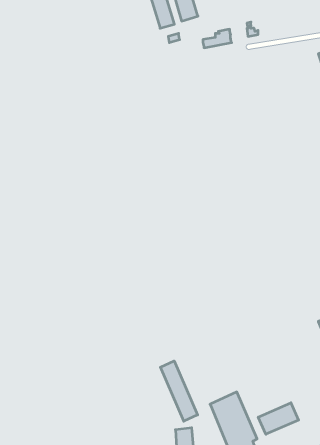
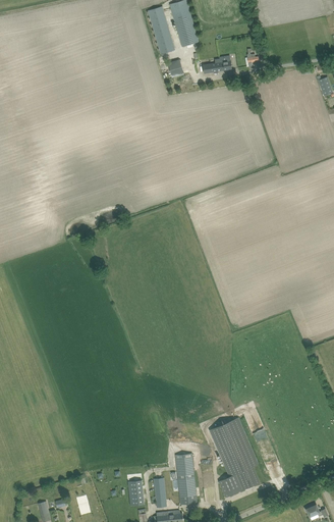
building: [160,361,198,421] -> none
building: [258,403,299,434] -> none

